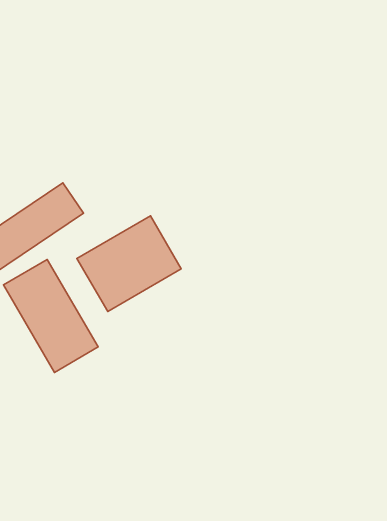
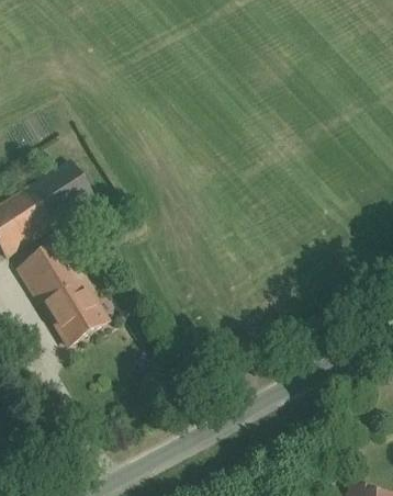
building: [77,216,181,311] -> none

